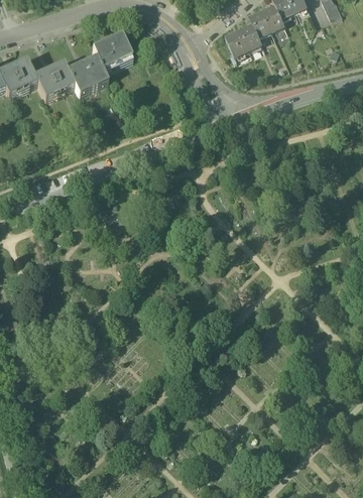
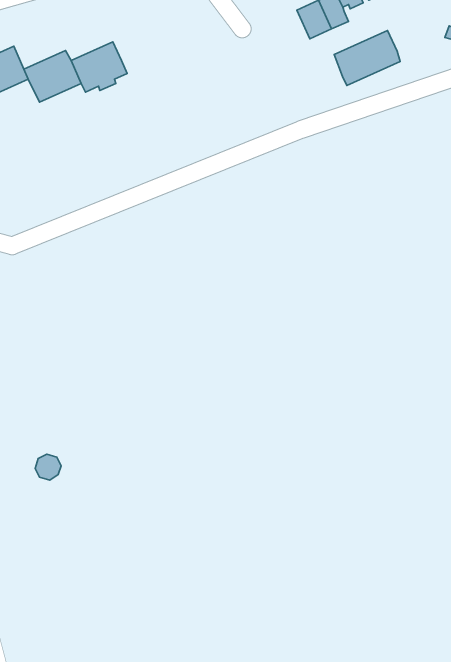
building: [92,34,131,71] -> none
building: none -> [334,30,400,85]

